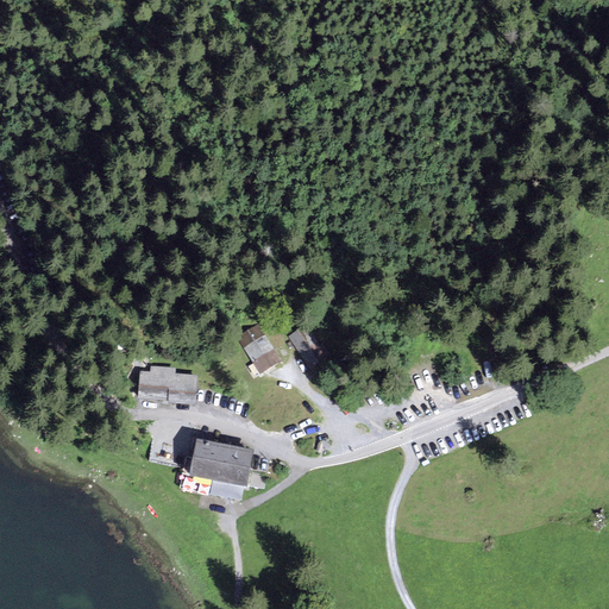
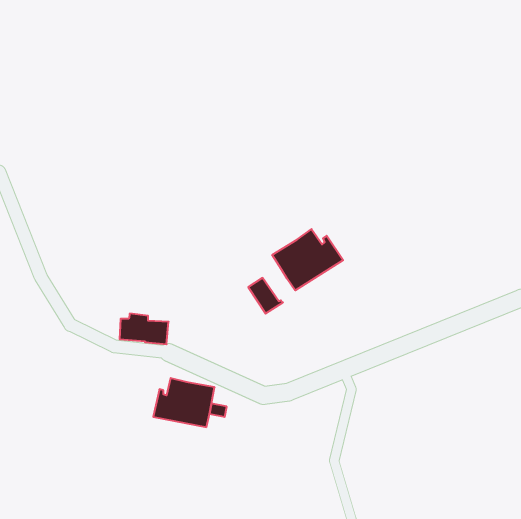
building: none -> [272,229,343,290]
building: [238,322,278,370] -> none

